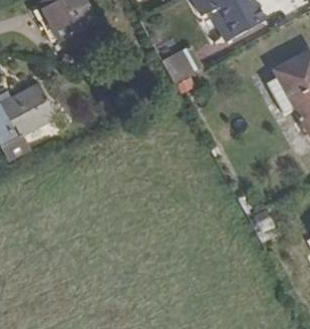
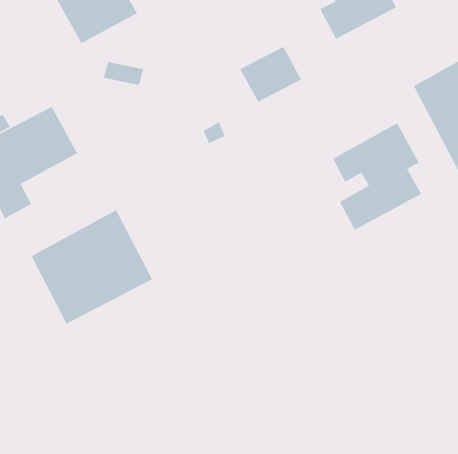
building: none -> [332,122,422,231]
building: none -> [31,209,153,325]

